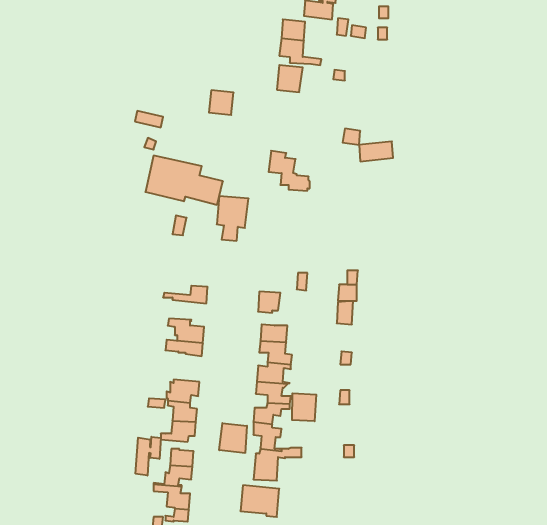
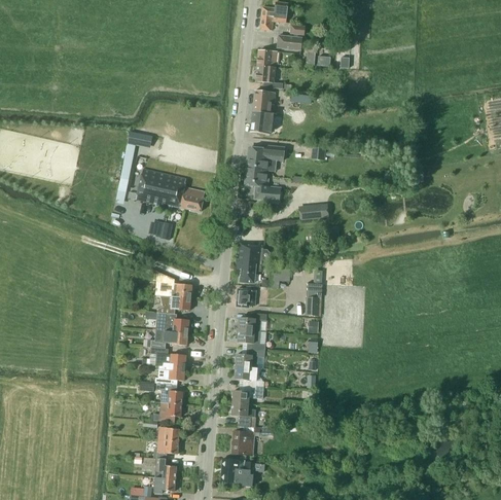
building: [209,90,234,115] -> [250,111,272,133]
building: none -> [247,146,285,172]
building: [359,141,393,161] -> [298,202,328,219]
building: [217,196,249,241] -> [236,243,263,282]
building: none -> [157,295,190,313]
building: none -> [150,346,185,367]
building: [292,393,316,421] -> none
building: [219,423,247,453] -> none
building: [136,437,161,476] -> none

